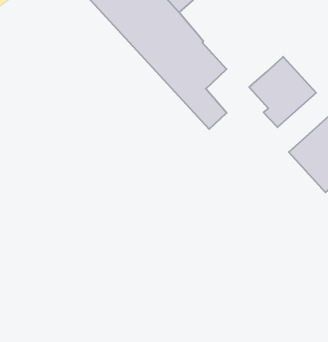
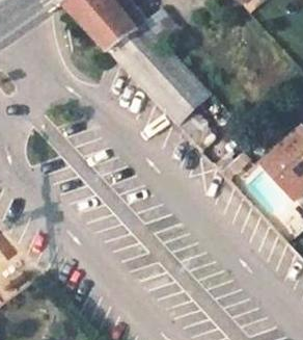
building: [249,57,316,127] -> none

